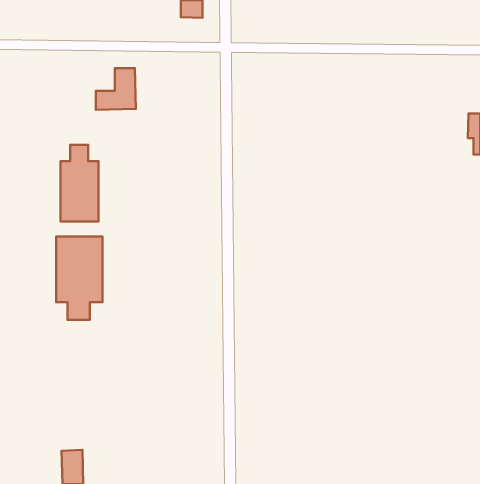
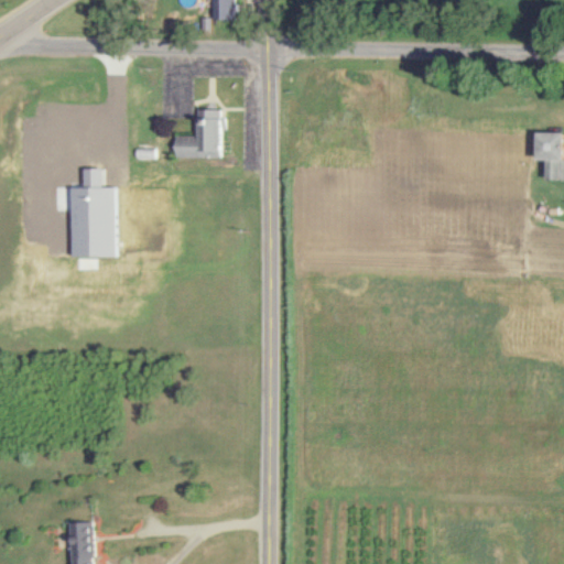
building: [96,68,136,110] -> [173,110,219,159]
building: [56,236,103,320] -> none

